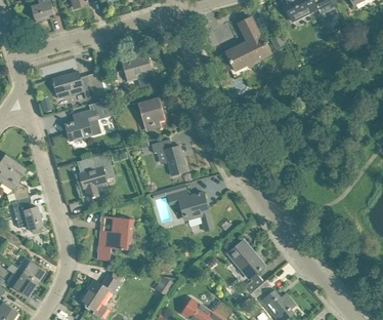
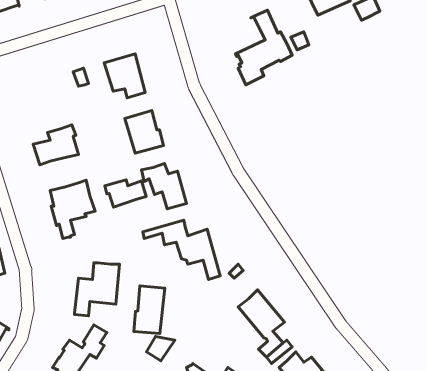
building: [52,72,93,99] -> none
building: none -> [105,180,146,207]
building: none -> [134,286,165,334]

